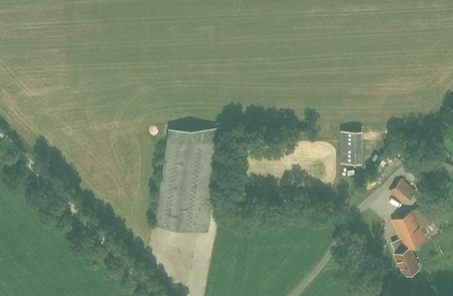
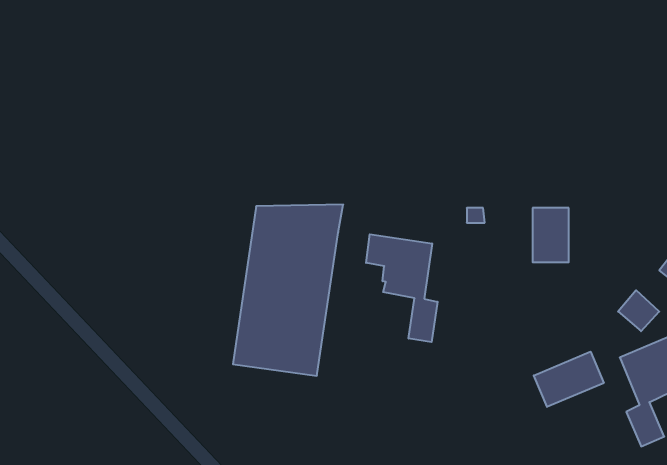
building: none -> [366,234,438,342]
building: none -> [534,352,604,407]

